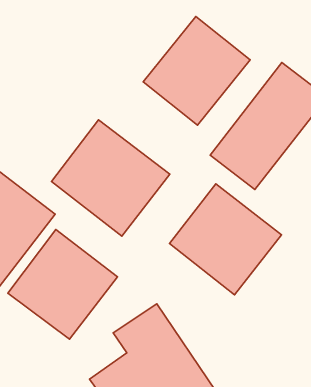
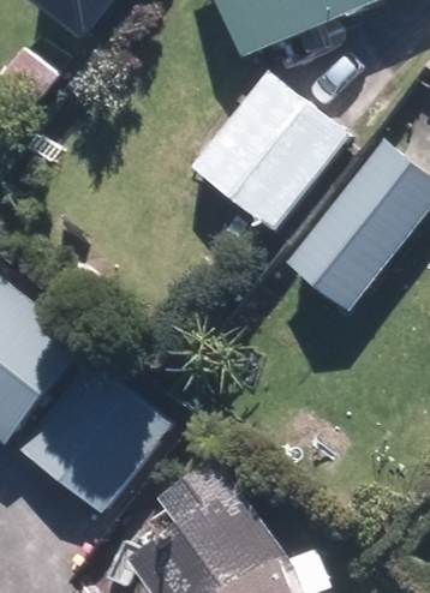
building: [52,120,170,236] -> none
building: [170,184,282,295] -> none

